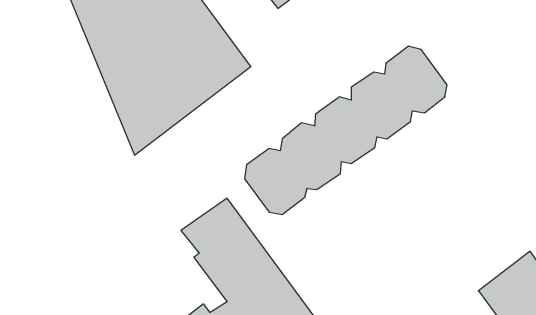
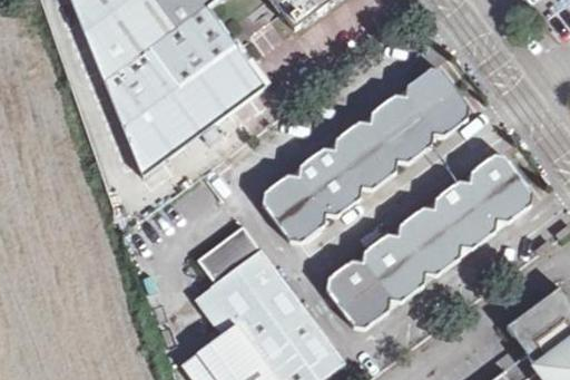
building: none -> [323,155,532,330]

